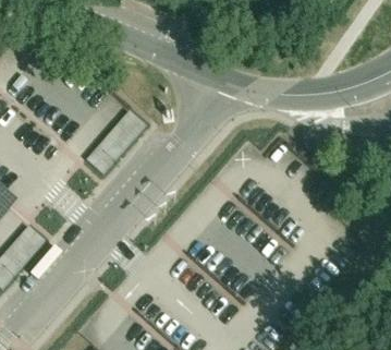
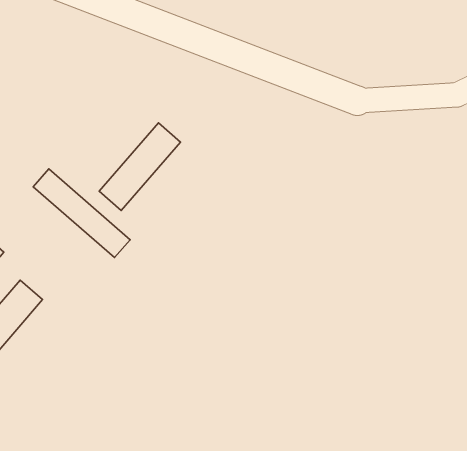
building: none -> [33,169,130,258]

